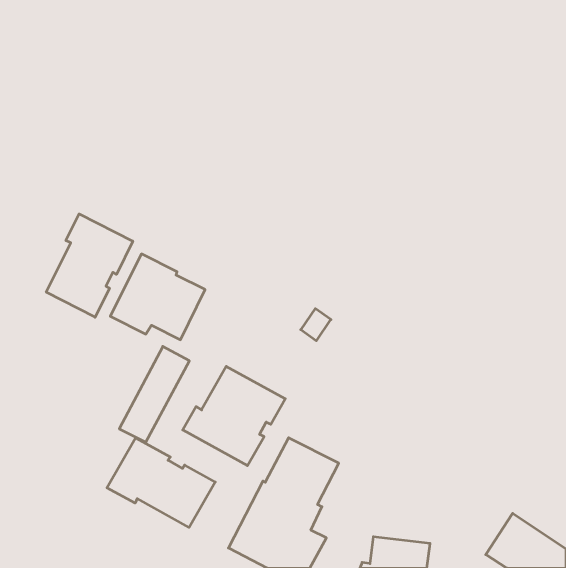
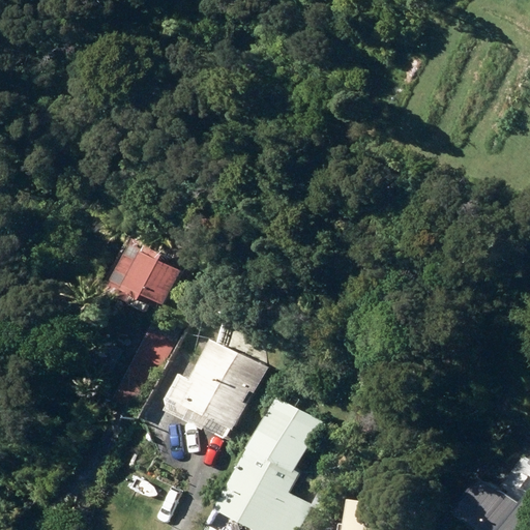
building: [46,214,133,317] -> none
building: [107,438,215,527] -> none

